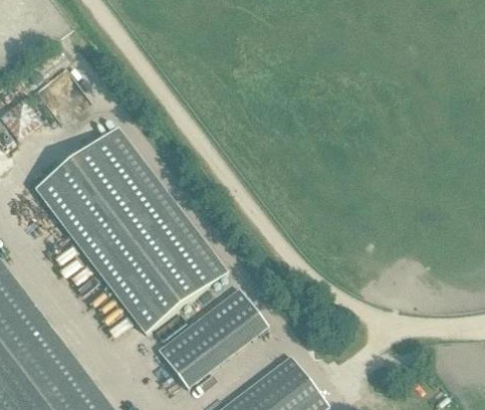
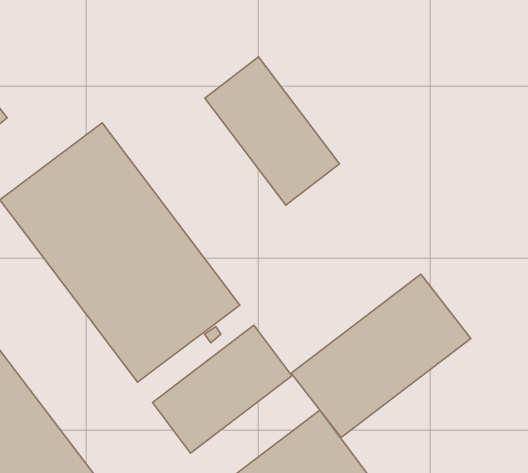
building: none -> [205,57,340,205]
building: none -> [291,274,471,438]

